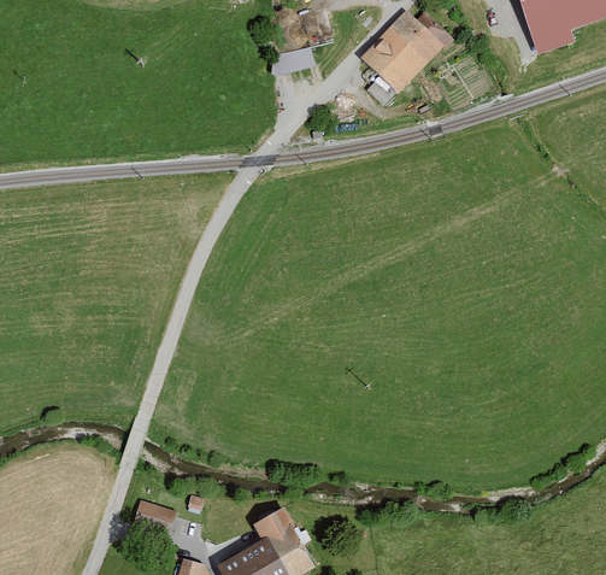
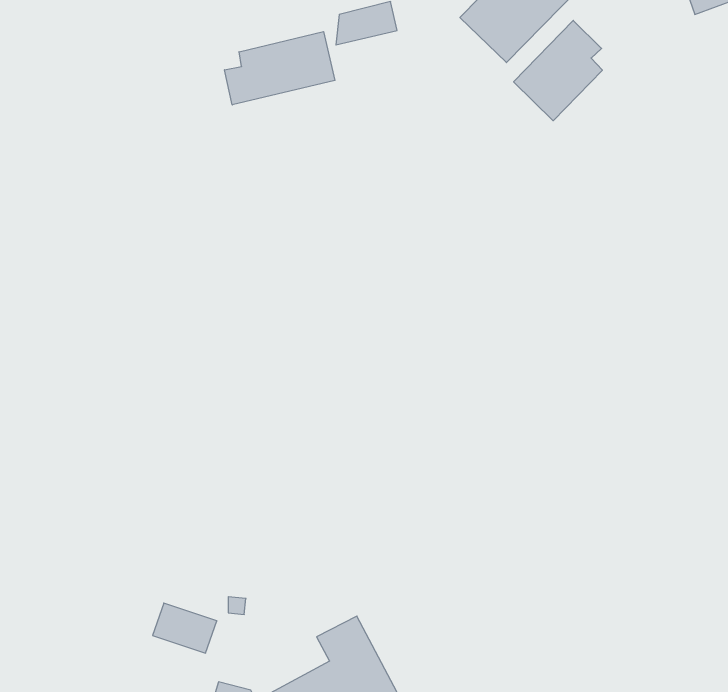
building: none -> [514,20,602,121]
building: none -> [225,32,335,105]

